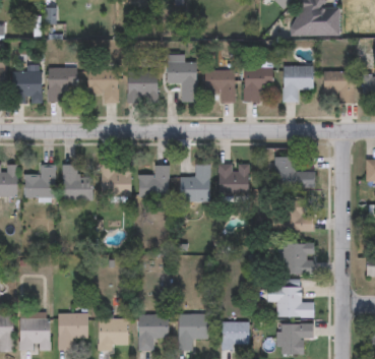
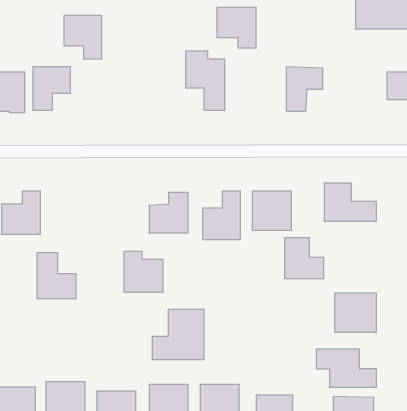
building: [284,66,314,101] -> none
building: [87,69,117,103] -> [64,16,102,59]
building: [204,69,235,101] -> [217,7,256,48]
building: [128,71,158,102] -> none
building: [62,164,92,199] -> [37,253,76,299]
building: [101,164,131,195] -> [124,252,163,292]
building: [285,200,315,232] -> [285,238,324,278]
building: none -> [152,309,204,360]

